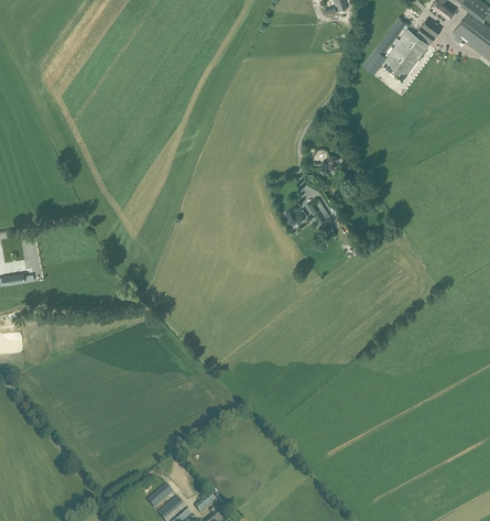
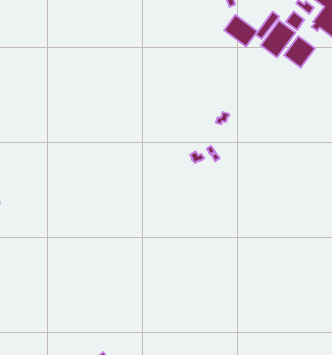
building: none -> [224,15,257,47]
building: none -> [284,36,315,68]

